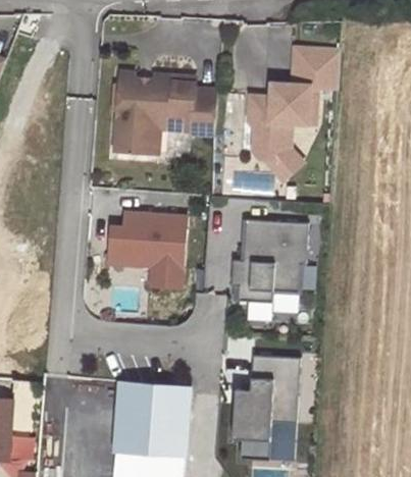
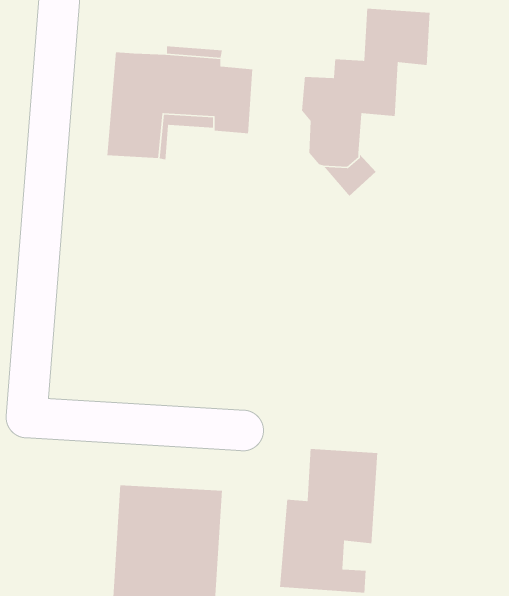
building: [107,211,186,288] -> none
building: [232,220,303,318] -> none

